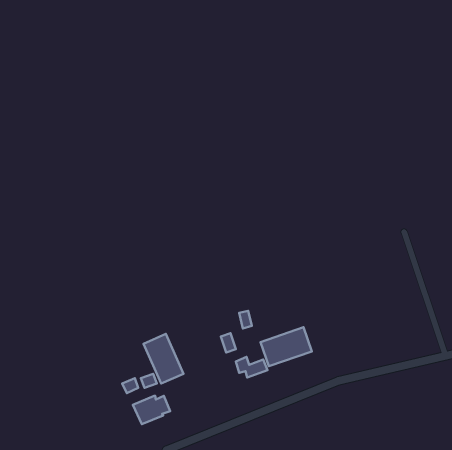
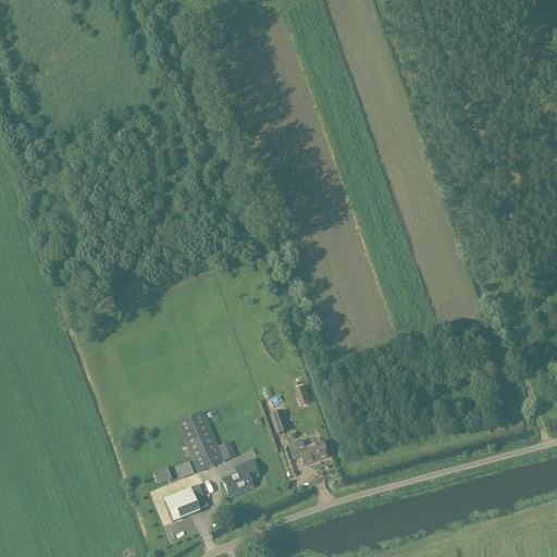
building: [260,327,312,366] -> none
building: none -> [224,458,260,495]

